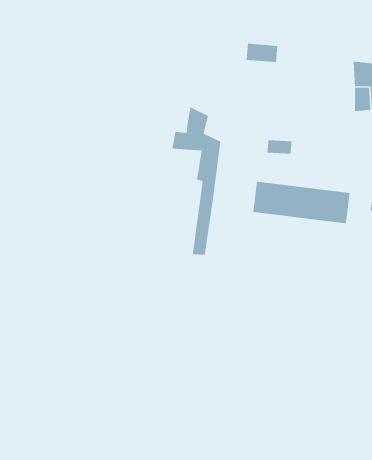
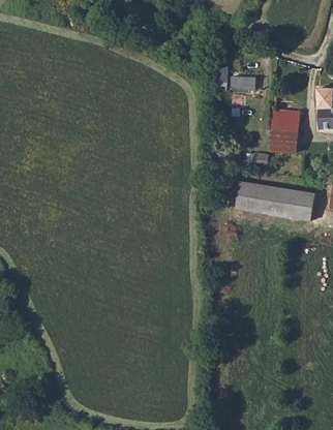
building: none -> [269,110,299,152]
building: [172,107,221,255] -> none

